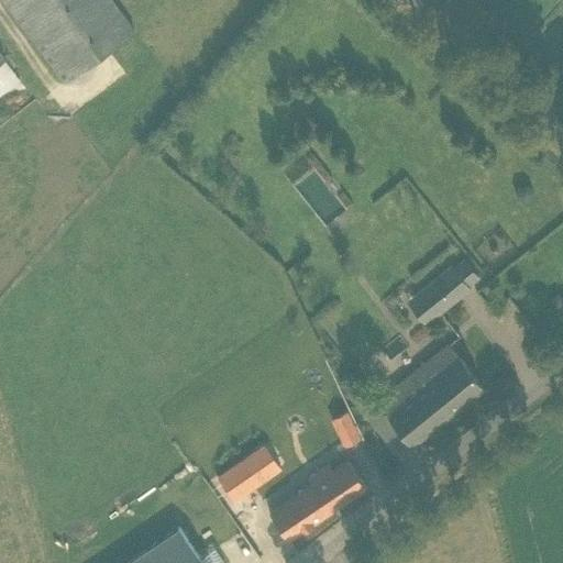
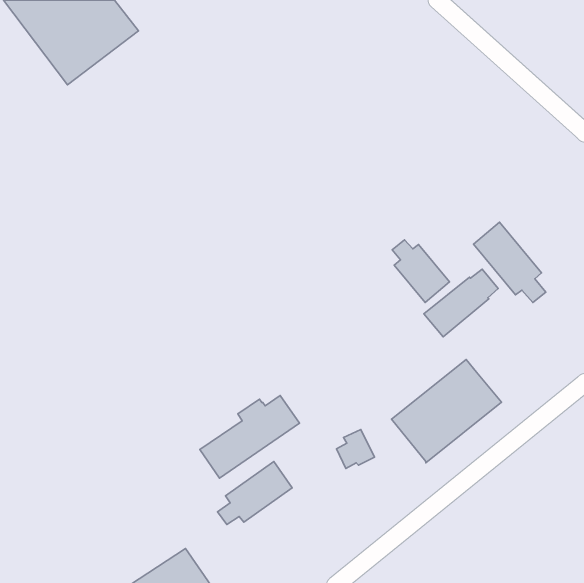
building: none -> [474,222,546,303]
building: none -> [392,240,450,303]
building: [269,462,365,541] -> [200,396,300,478]

